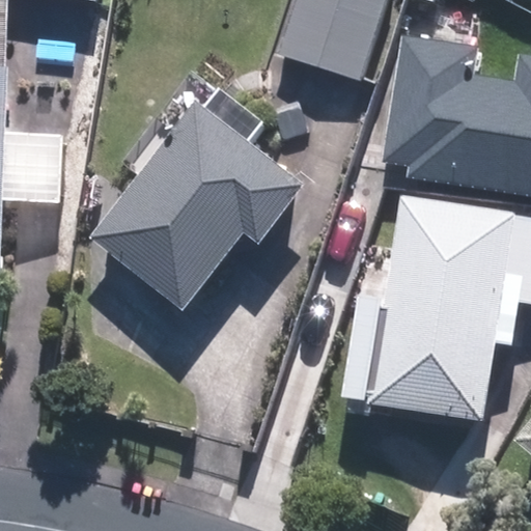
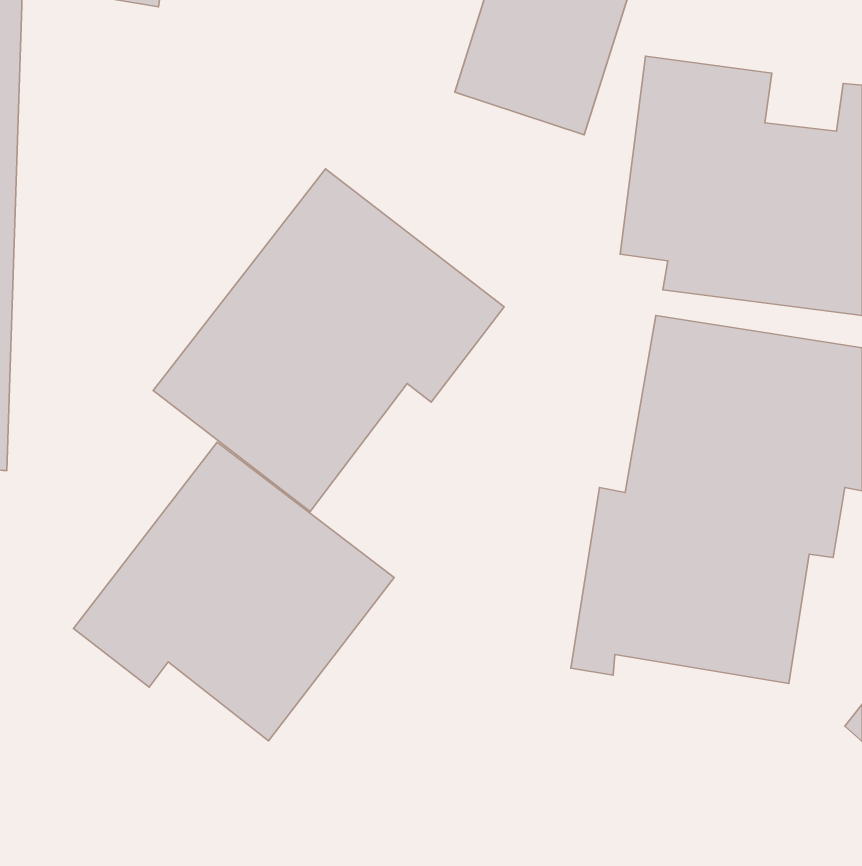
building: none -> [74,442,394,741]

